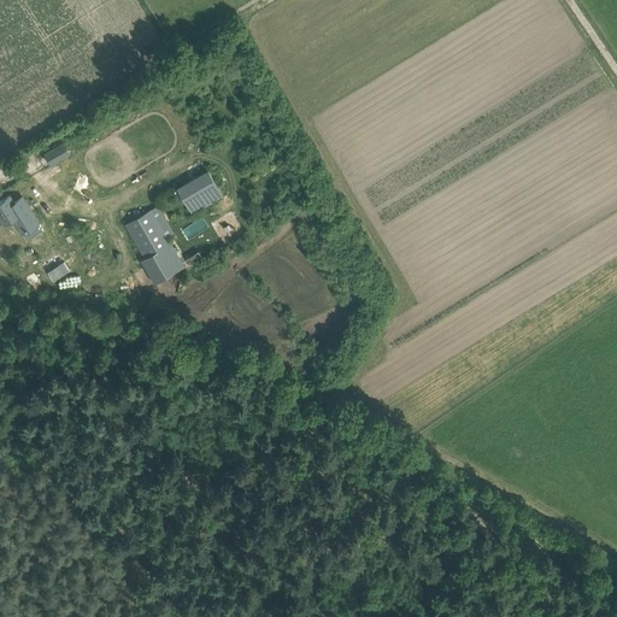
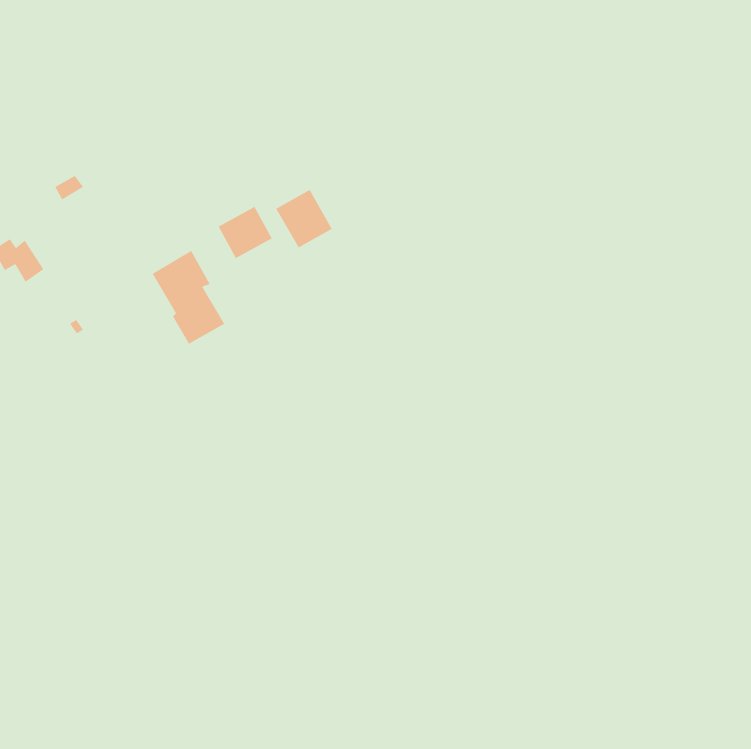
building: none -> [276,189,333,248]

